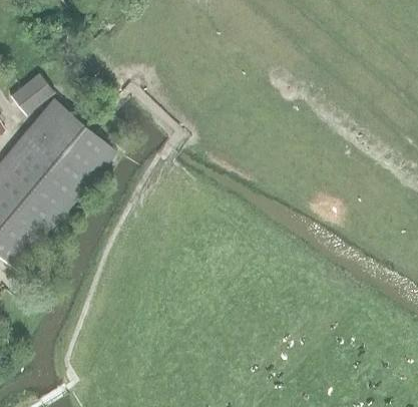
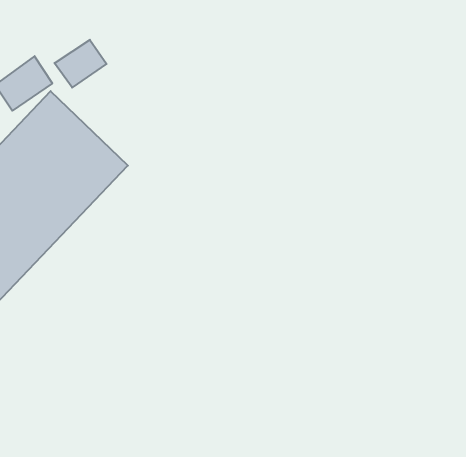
building: none -> [54,40,107,88]

